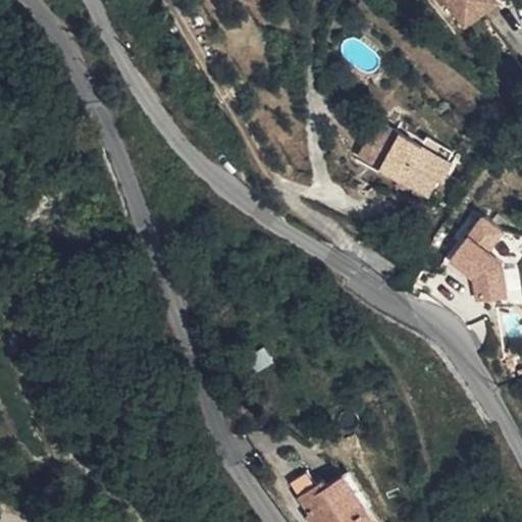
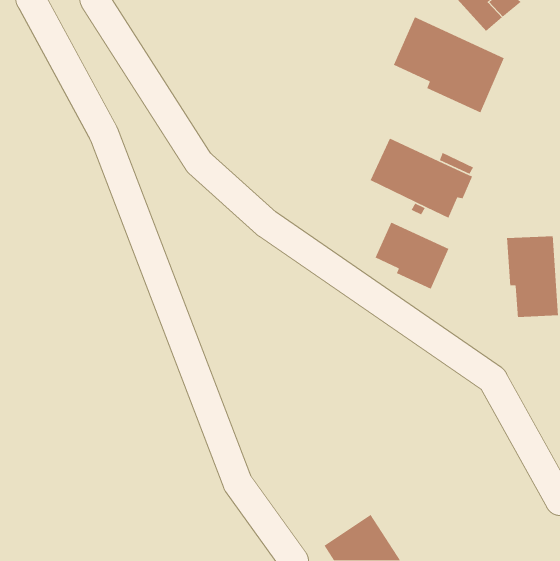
building: none -> [393,16,505,113]
building: none -> [375,221,449,290]

